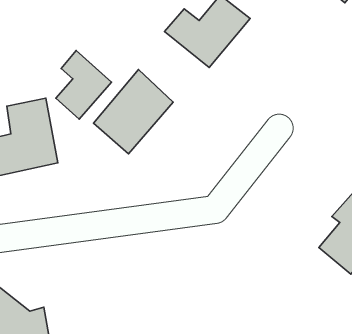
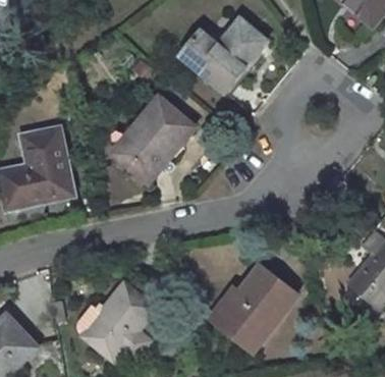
building: [56,50,111,119] -> none
building: none -> [200,268,286,356]
building: none -> [74,280,155,358]

